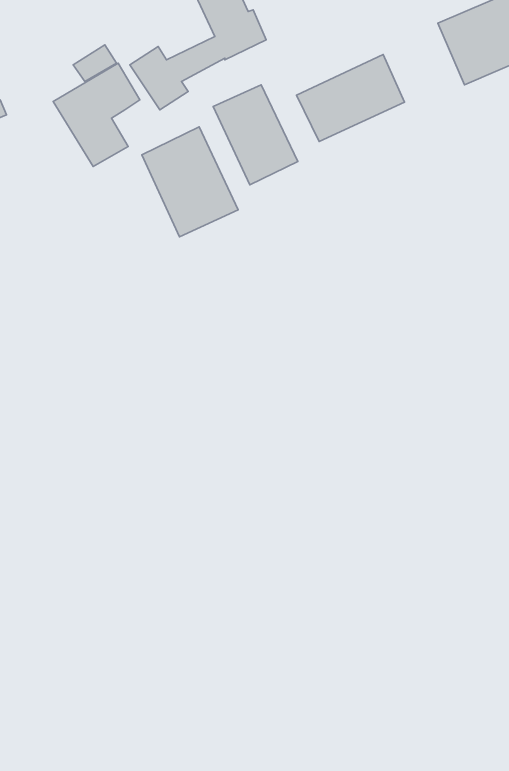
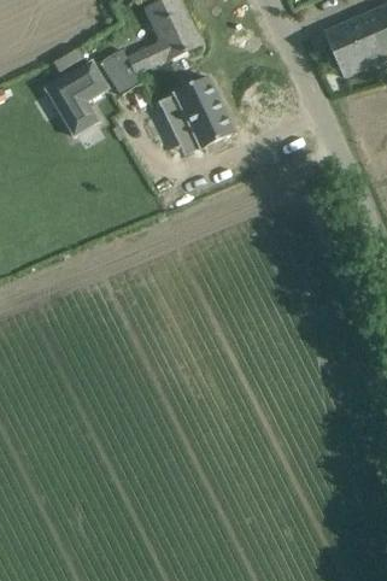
building: [296,55,405,142] -> none
building: [142,127,238,237] -> none

